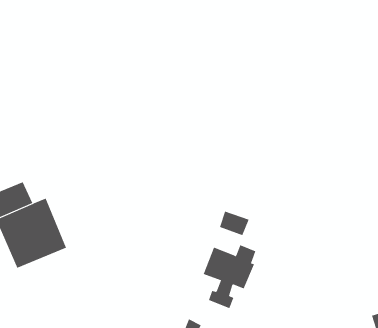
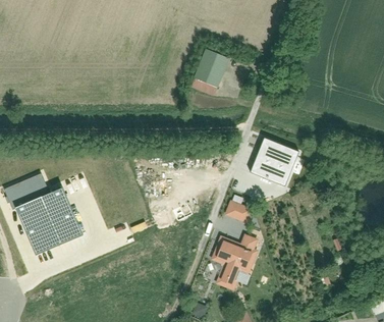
building: none -> [195,48,228,86]
building: none -> [251,138,299,186]

